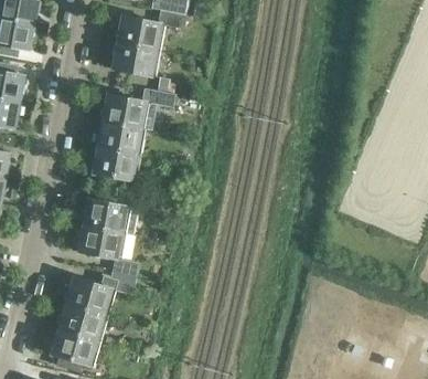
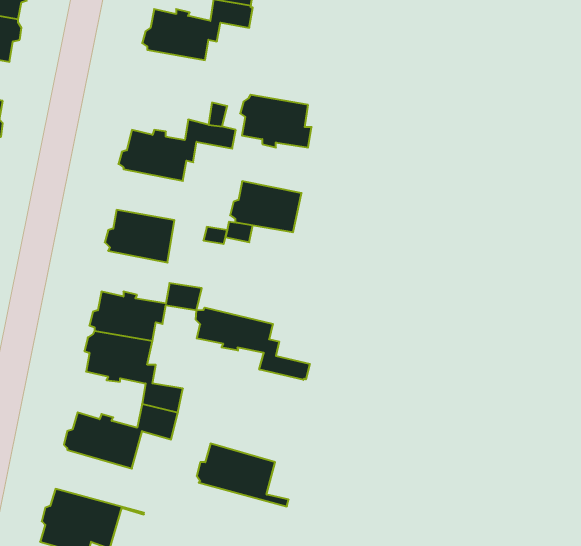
building: [111,43,158,77] -> [240,95,312,148]
building: [95,120,141,154] -> [230,181,302,232]
building: none -> [196,308,310,380]
building: [57,303,117,344] -> [197,444,289,506]

